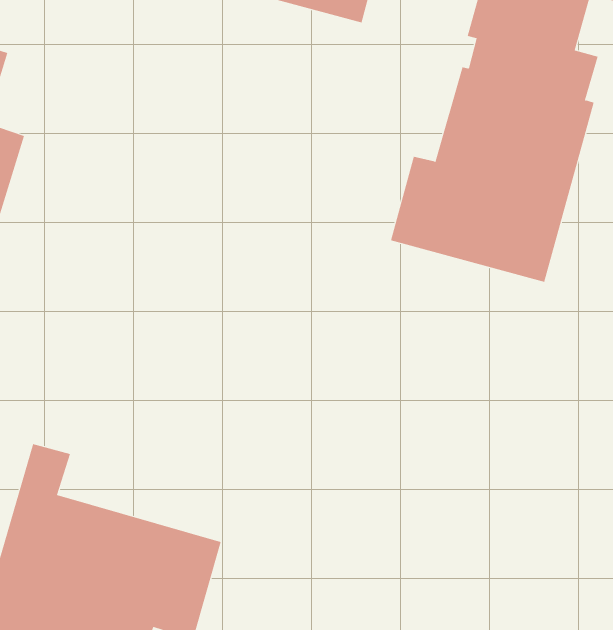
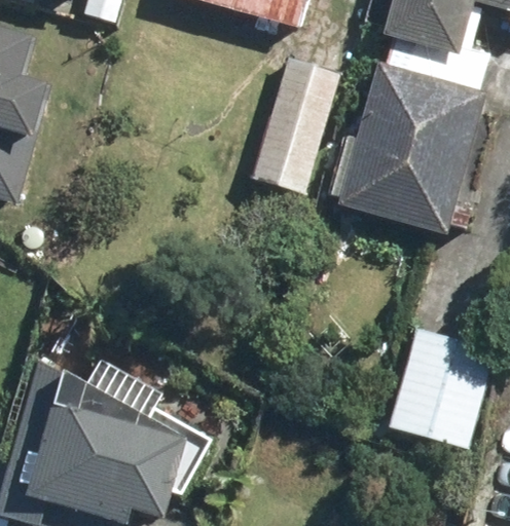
building: none -> [253,59,342,193]
building: none -> [390,326,498,447]

